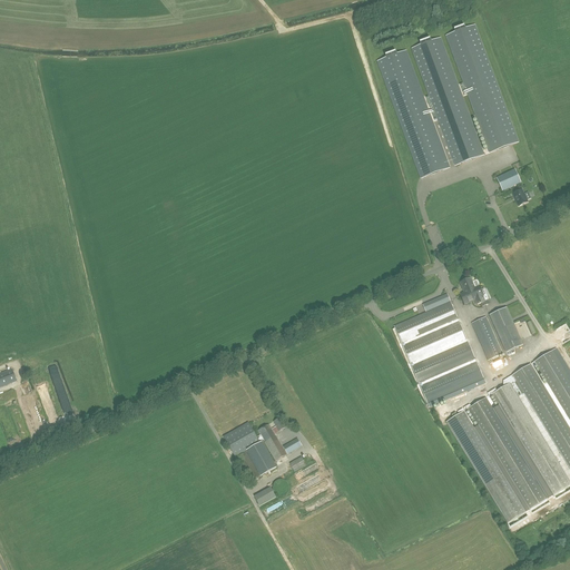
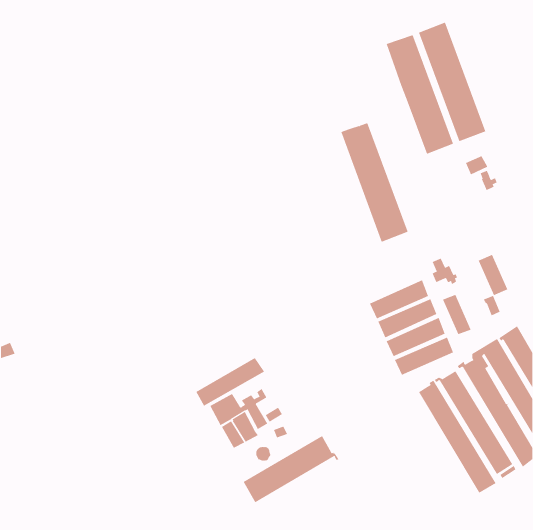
building: [377,48,450,176] -> [341,122,408,242]
building: [491,305,523,350] -> [478,254,508,296]
building: none -> [196,357,265,406]
building: none -> [243,435,339,503]

